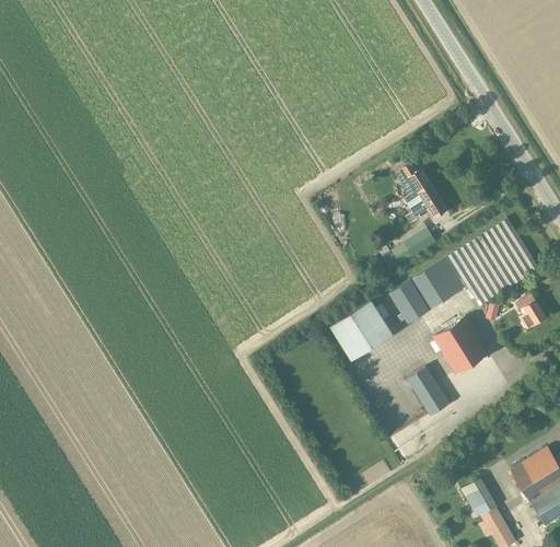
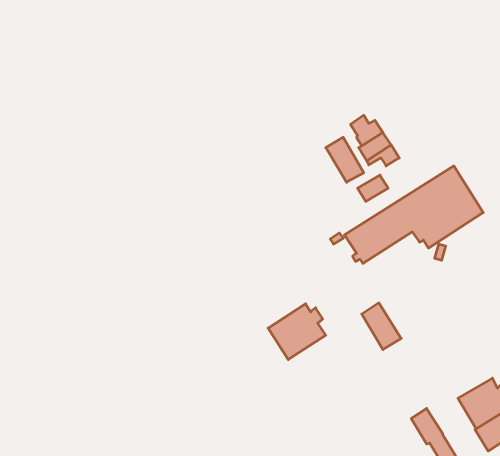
building: none -> [326,137,364,182]
building: [518,294,546,329] -> none
building: [329,300,392,360] -> [268,304,326,360]
building: [432,317,488,374] -> none

